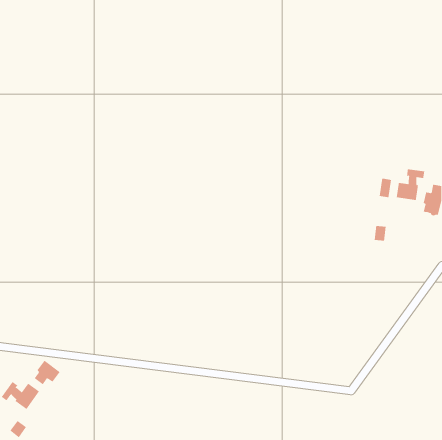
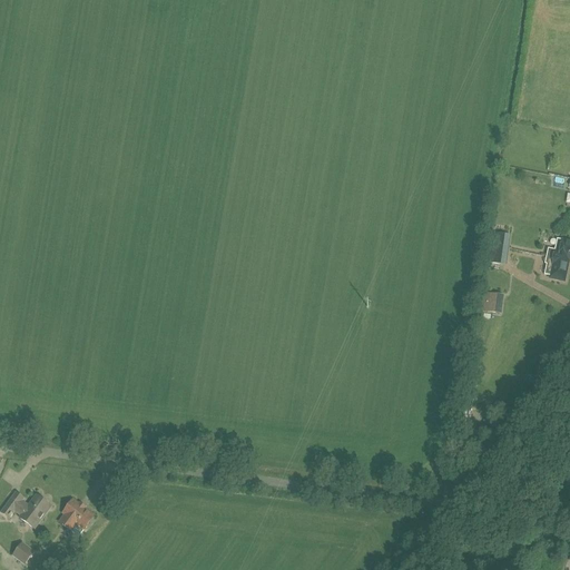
building: [396,168,425,201] -> none
building: [34,360,61,385] -> [59,498,94,530]

